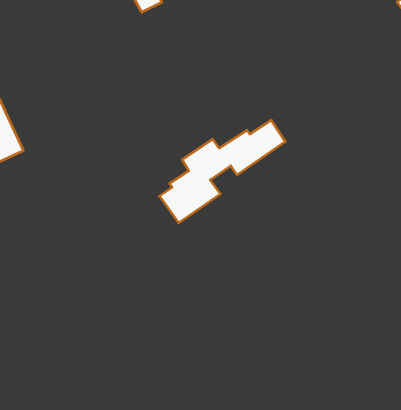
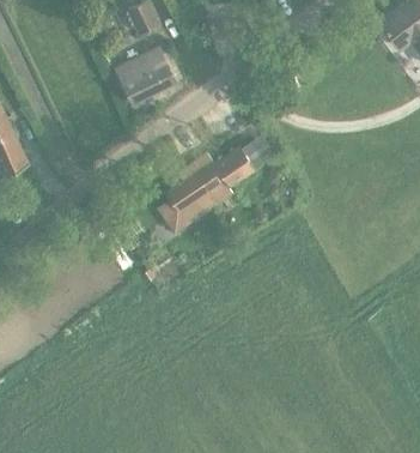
building: none -> [112,47,175,105]

